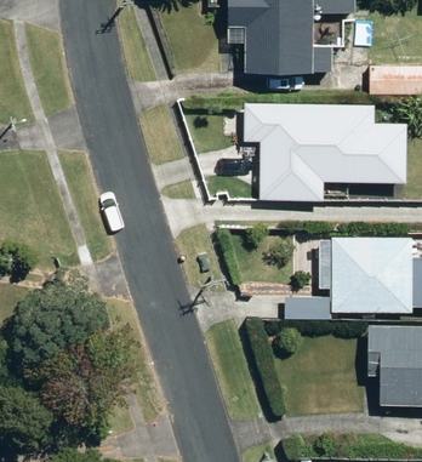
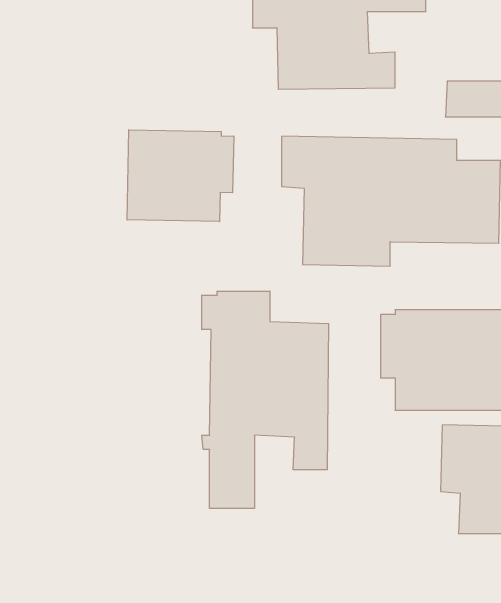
building: none -> [127,130,234,222]
building: none -> [202,291,329,508]

